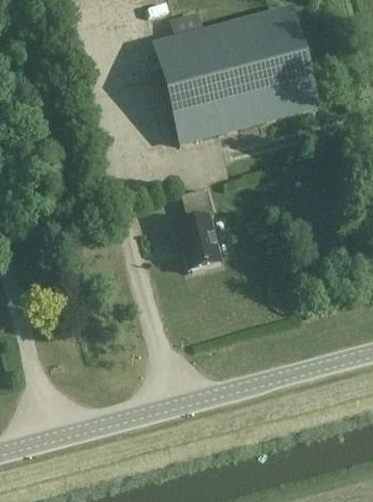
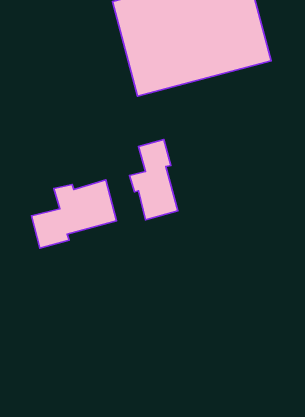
building: none -> [32,180,116,248]

